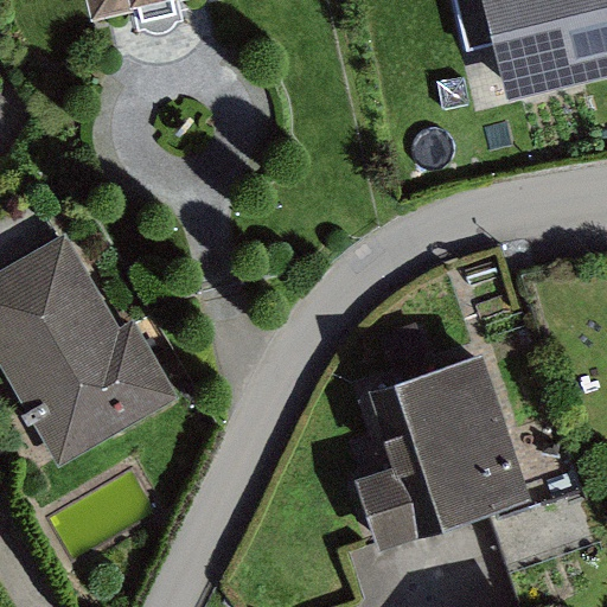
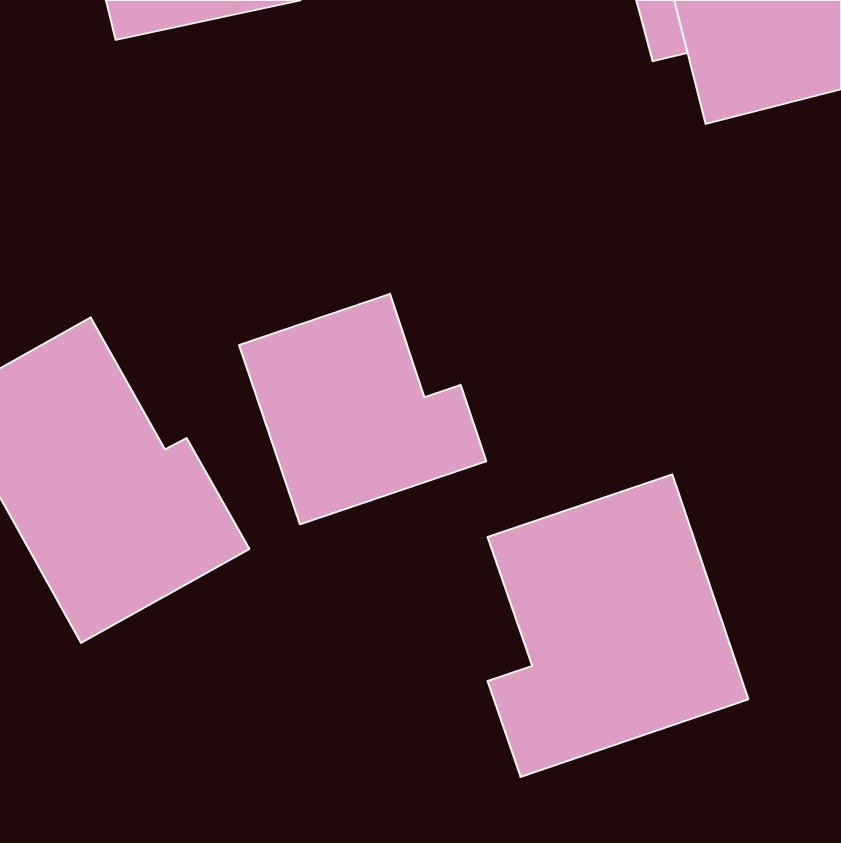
building: none -> [239,294,486,524]

